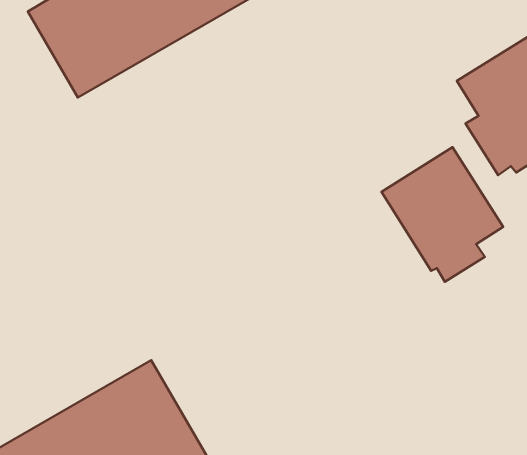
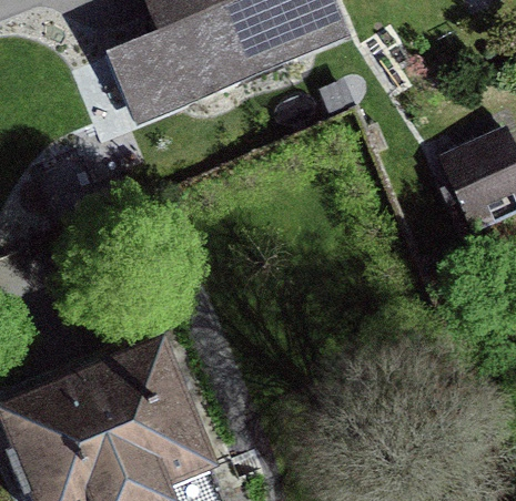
building: [381,147,503,282] -> none

